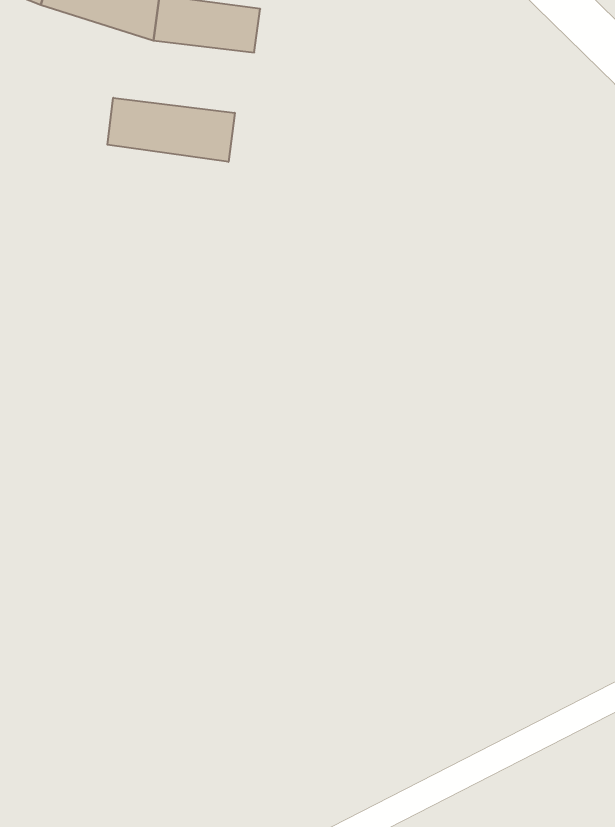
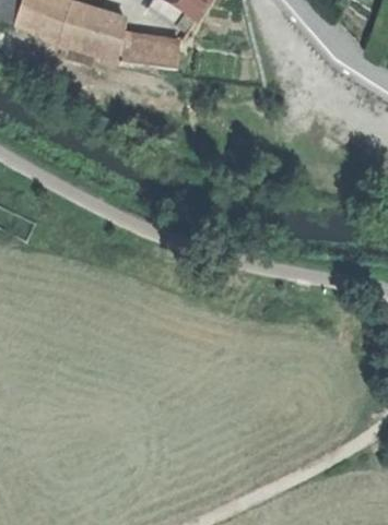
building: [107,98,235,162] -> none

